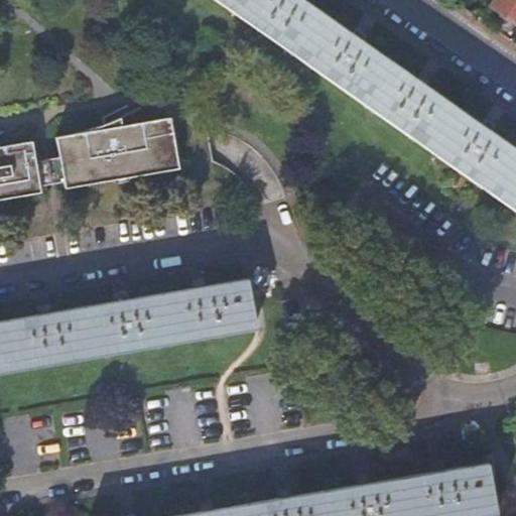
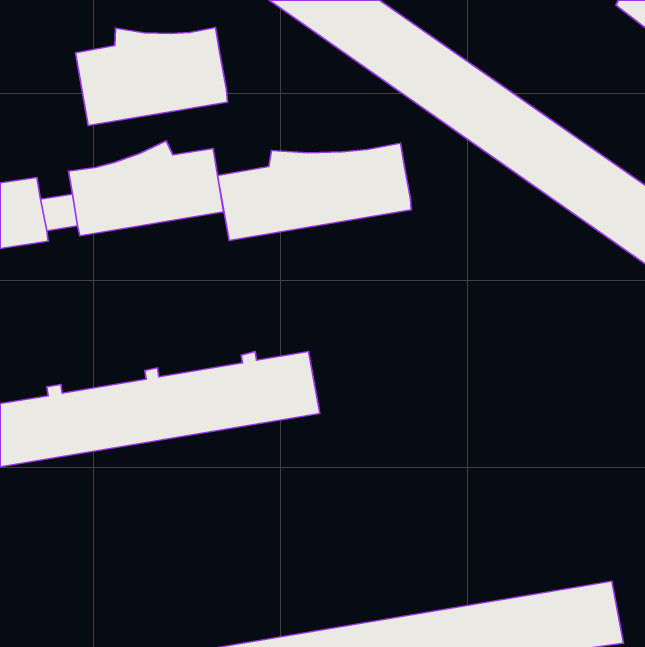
building: none -> [75,27,228,125]
building: none -> [218,143,411,241]

